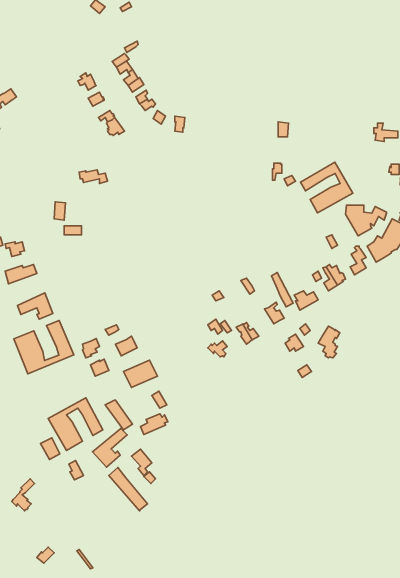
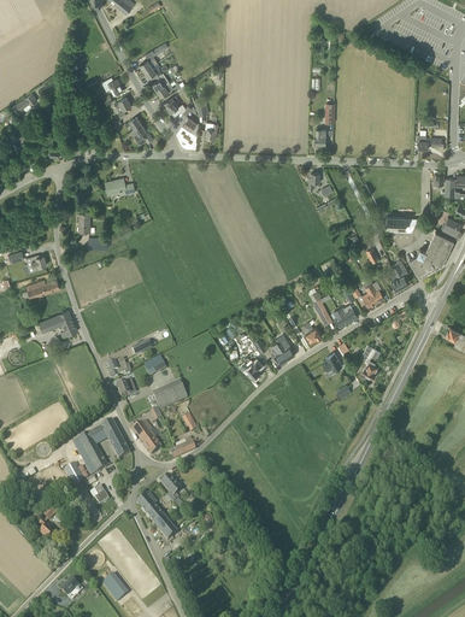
building: [301,162,353,213] -> none
building: [14,320,74,374] -> none
building: [93,428,127,467] -> none

